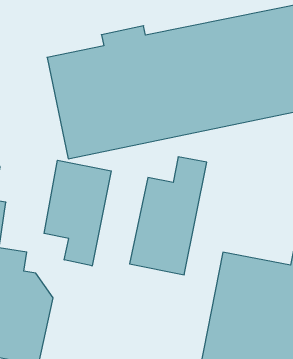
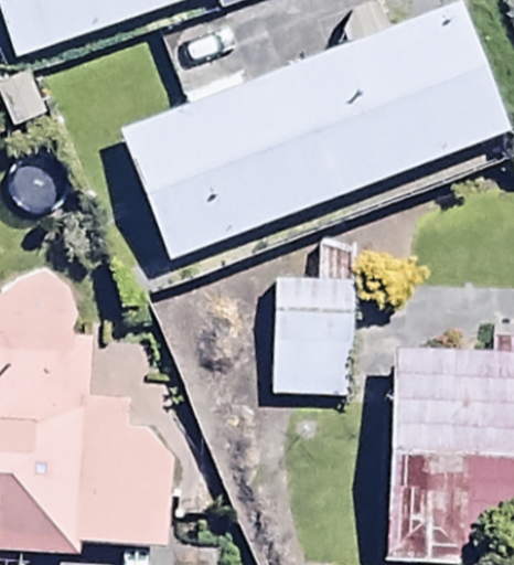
building: [44,160,111,266] -> none

